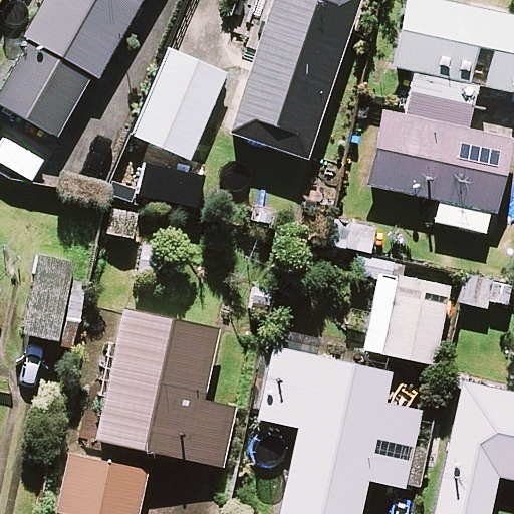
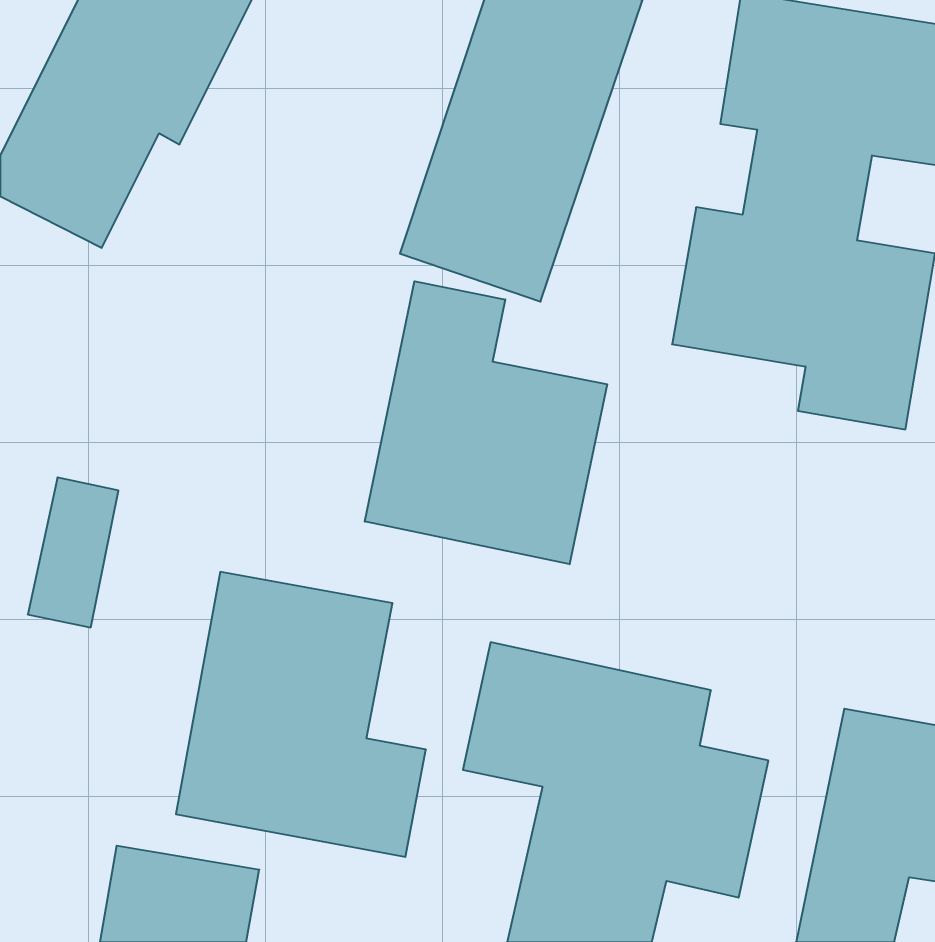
building: [132,50,225,160] -> none
building: none -> [365,281,607,564]
building: [351,259,449,364] -> none

